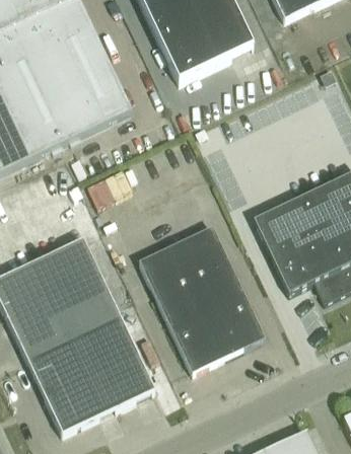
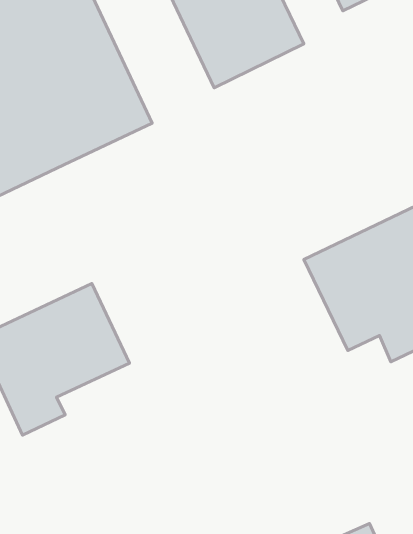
building: [139,225,265,371] -> none
building: [26,301,154,433] -> none

